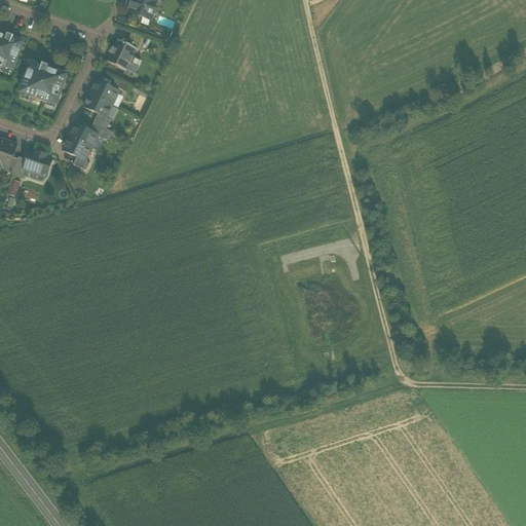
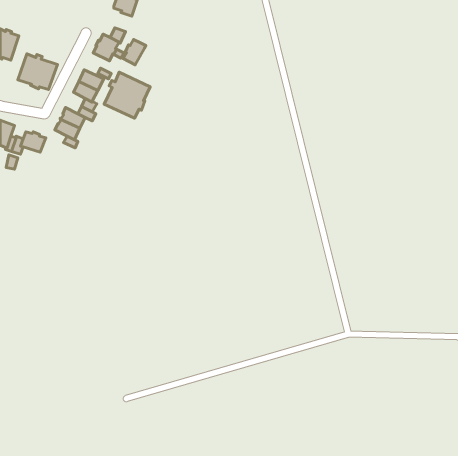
building: none -> [123,39,146,65]
building: none -> [104,72,150,118]

